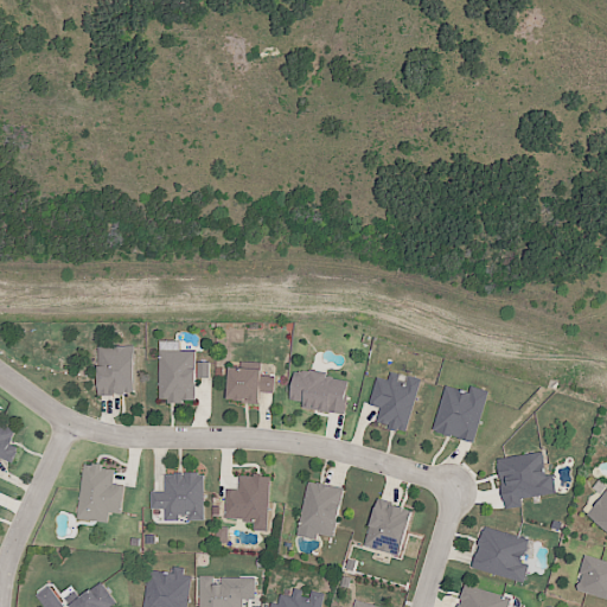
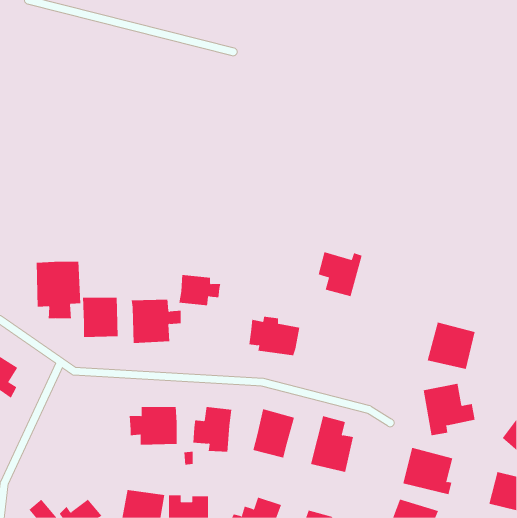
building: none -> [36,261,81,319]
building: [225,366,275,403] -> [178,274,221,306]
building: [364,376,416,429] -> [318,251,362,297]
building: [429,384,486,440] -> [427,322,476,369]
building: [75,465,123,525] -> none

